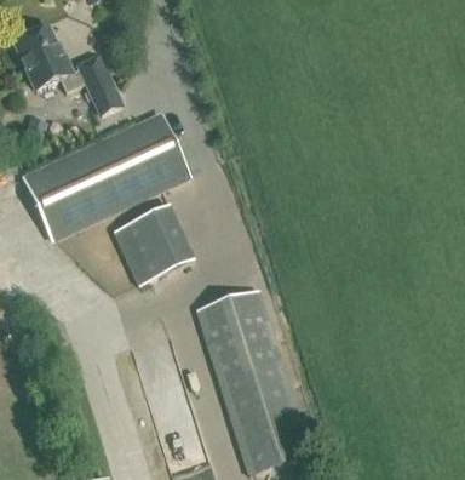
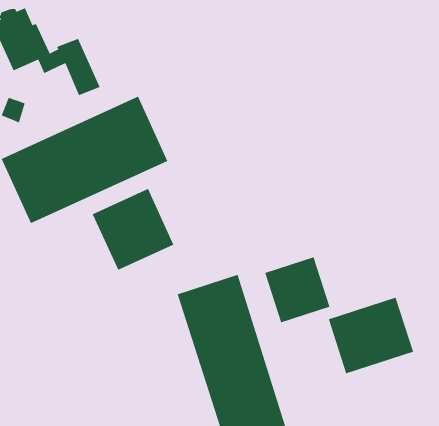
building: none -> [265,257,330,323]
building: none -> [328,297,414,374]

